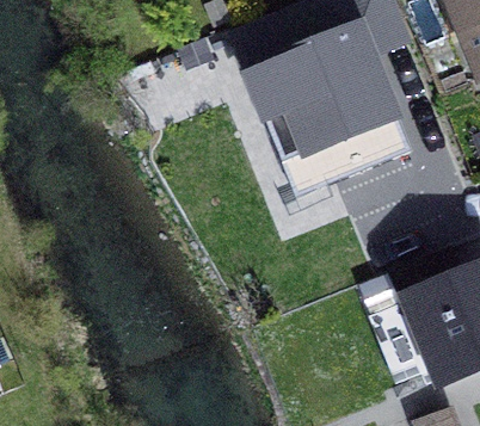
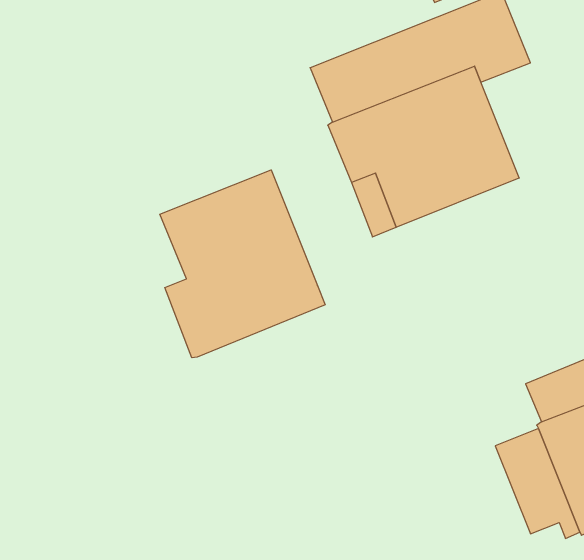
building: none -> [160,170,325,358]

